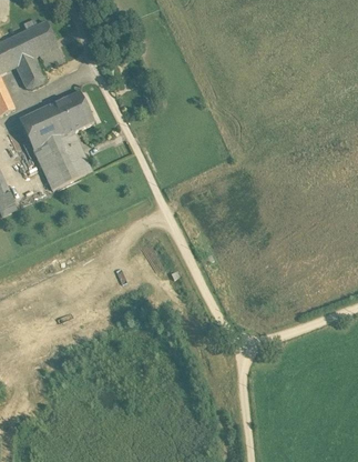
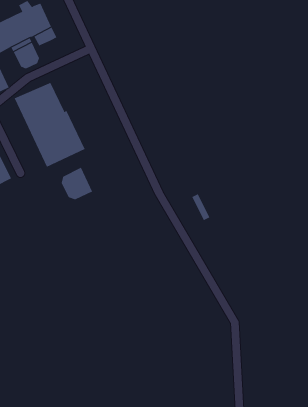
building: [57,90,94,131] -> none
building: none -> [61,167,93,200]

